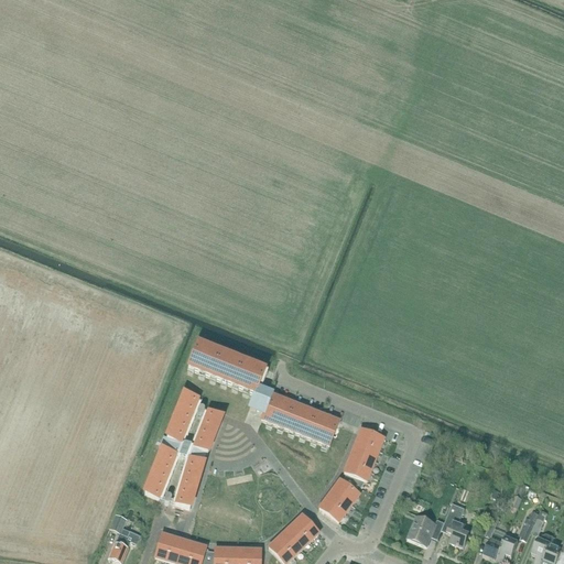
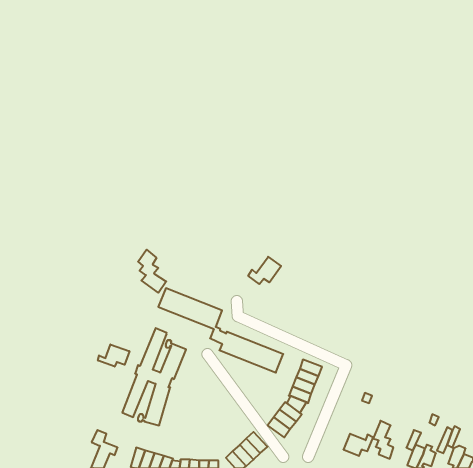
building: none -> [138,250,166,293]
building: none -> [248,257,281,284]
building: none -> [98,344,129,367]

